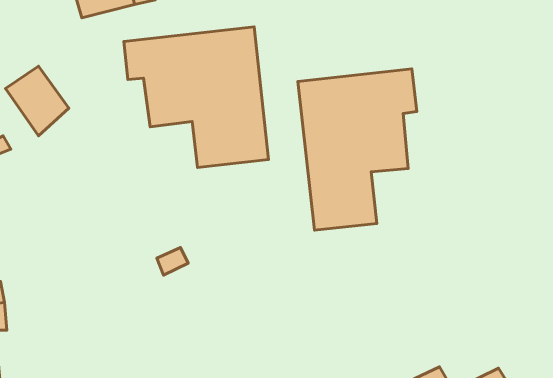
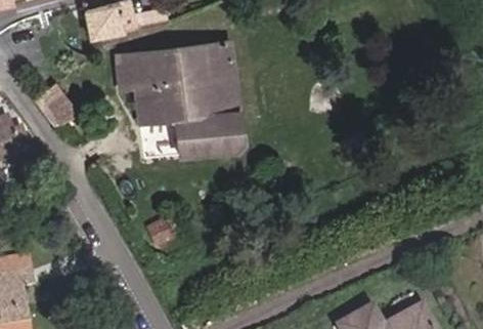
building: [298,69,417,230] -> none

